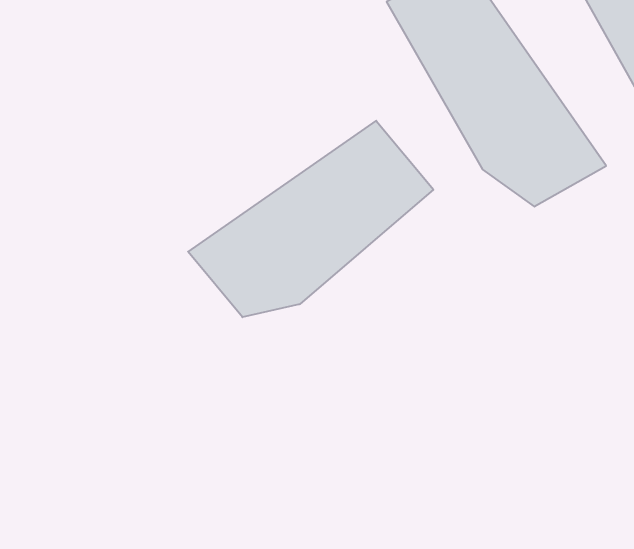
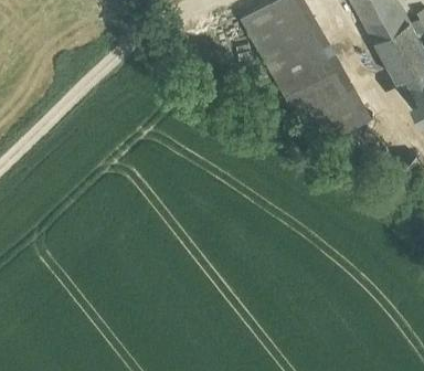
building: [188,121,433,317] -> none

